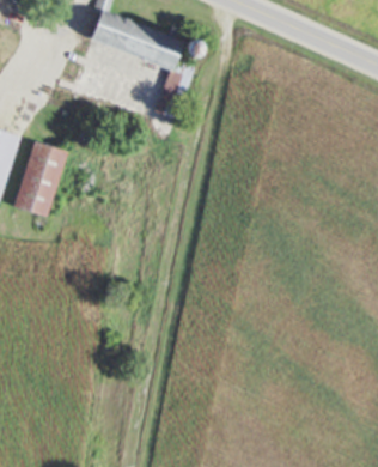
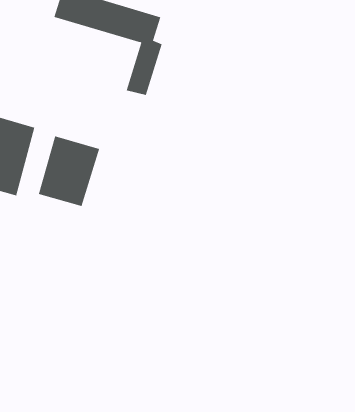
building: none -> [38,136,100,207]

